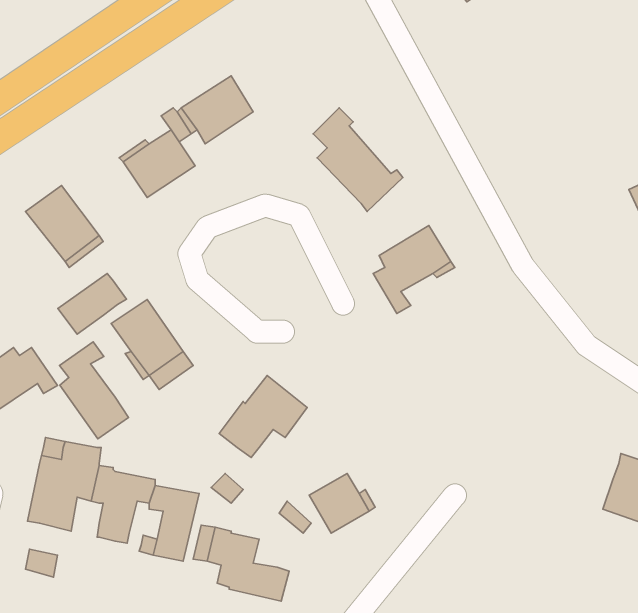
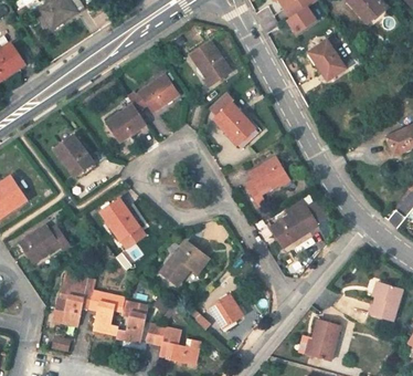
building: none -> [309,39,345,80]
building: none -> [191,41,231,86]
building: [58,274,127,334] -> none
building: none -> [271,196,318,247]
building: [60,342,128,439] -> none
building: none -> [308,318,340,359]

